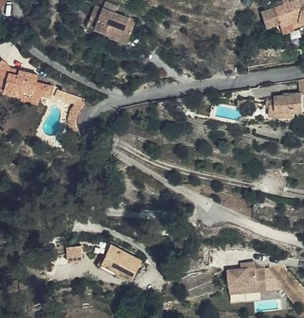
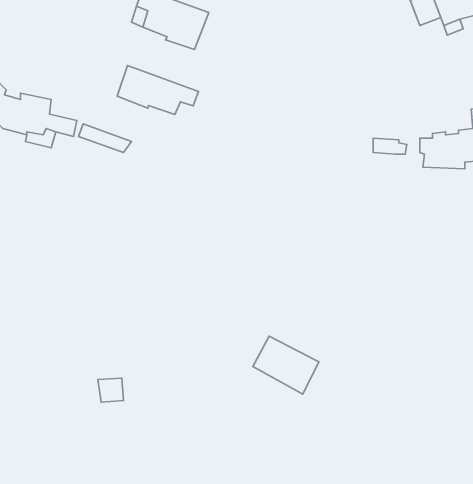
building: none -> [117,66,199,114]
building: [101,245,142,281] -> [253,336,319,394]
building: [231,272,270,299] -> none

